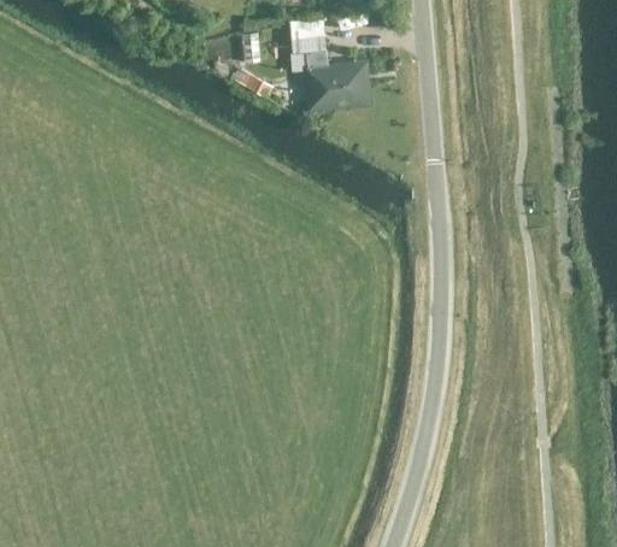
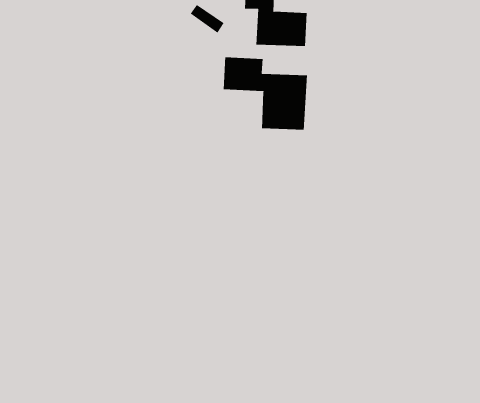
building: none -> [223,57,308,130]

